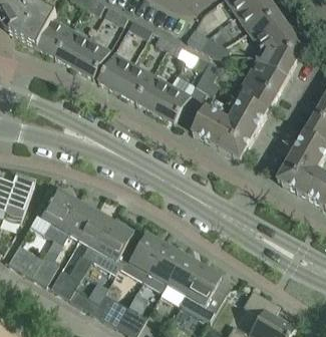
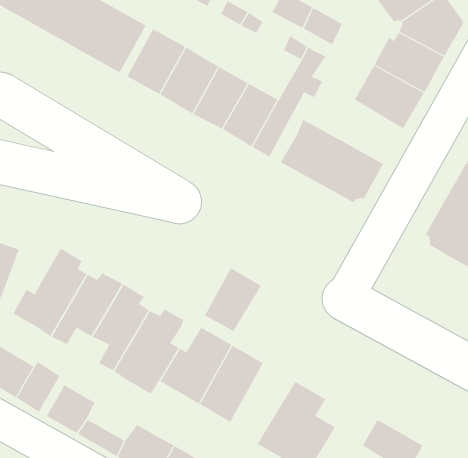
building: [229,97,266,133] -> none
building: [165,255,200,294] -> [204,268,262,332]

